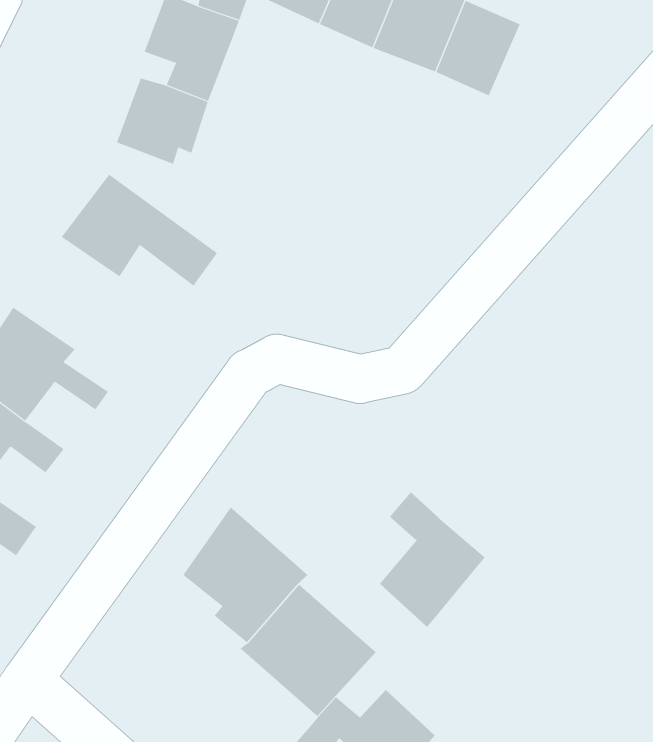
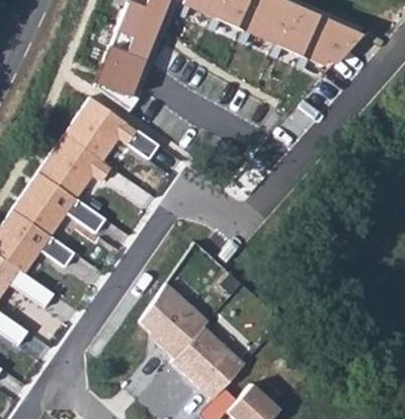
building: none -> [305,16,366,68]
building: none -> [44,133,106,195]
building: [379,491,486,628] -> none

